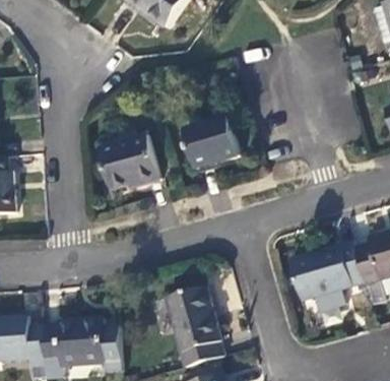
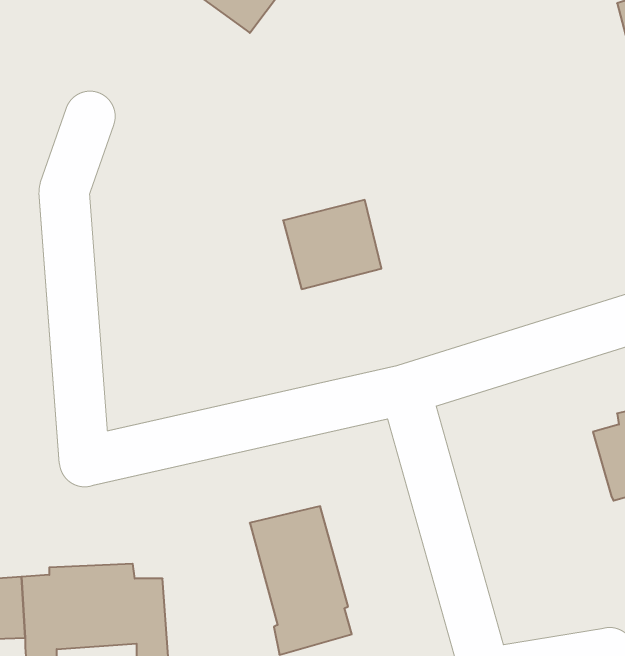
building: [99,134,158,188] -> none
building: [290,240,364,312] -> none

